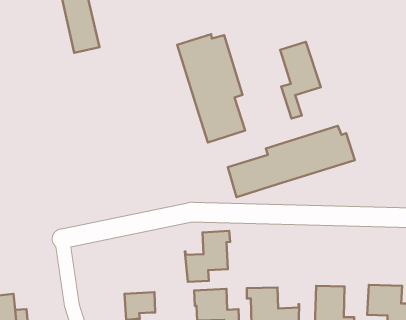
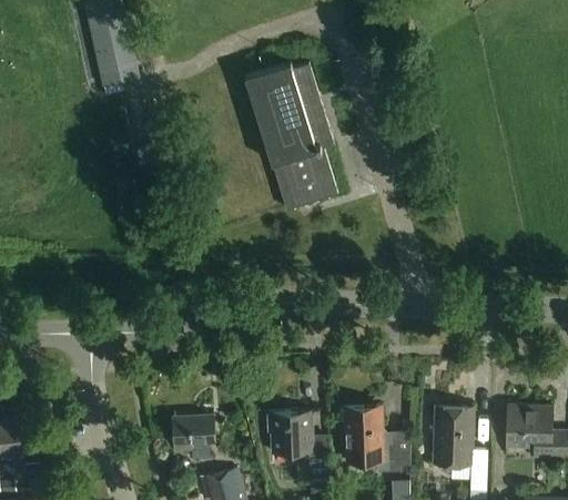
building: [280,42,321,118] -> none
building: [228,126,355,197] -> none
building: [185,231,230,282] -> none

